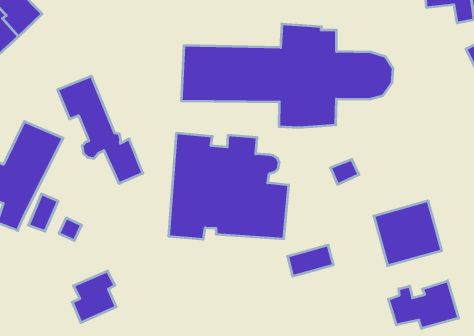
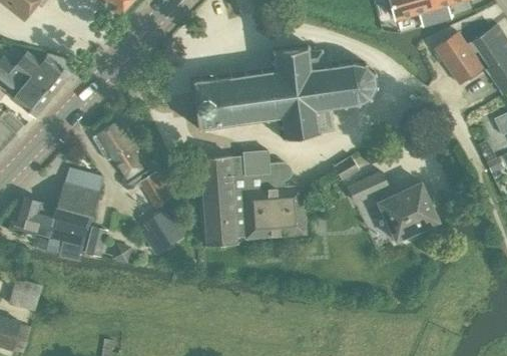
building: [287,245,333,276] -> [348,171,388,203]
building: [72,271,116,323] -> [144,206,183,253]
building: [388,281,459,329] -> none

